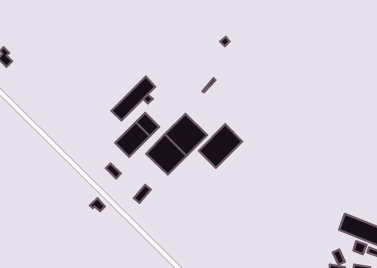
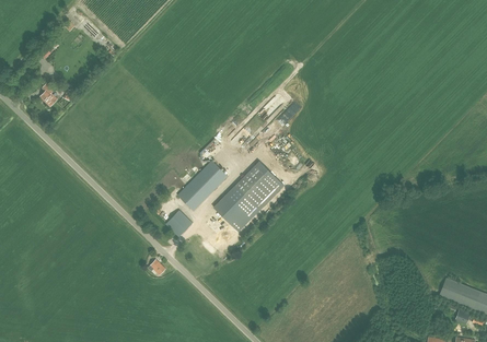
building: [112,77,155,121] -> none
building: [199,124,242,168] -> none

